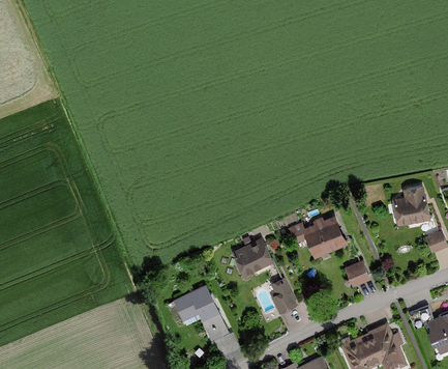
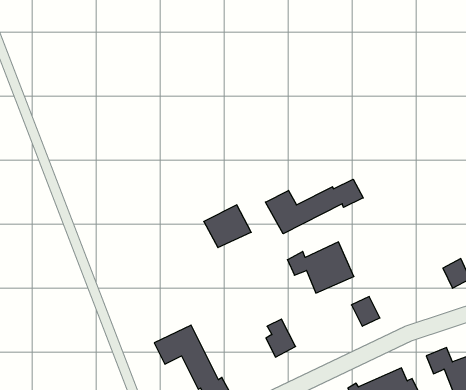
building: none -> [265,179,363,234]
building: [393,187,429,225] -> none
building: [232,238,273,276] -> [204,205,251,248]

